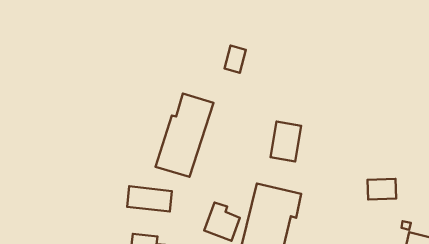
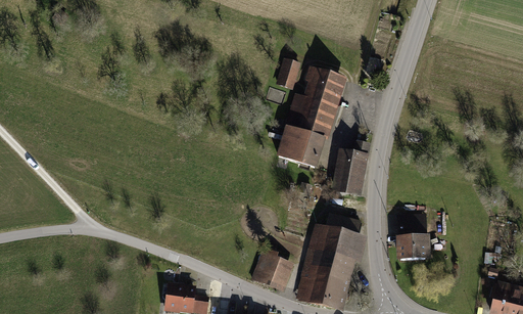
building: [156,93,213,177] -> [276,68,345,168]
building: [367,179,396,199] -> [395,235,430,260]
building: [127,186,172,211] -> none

